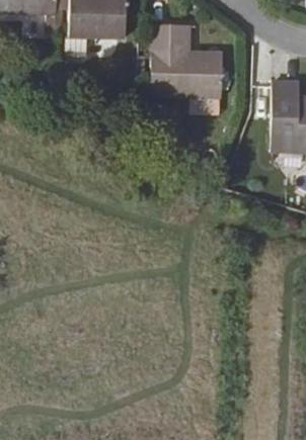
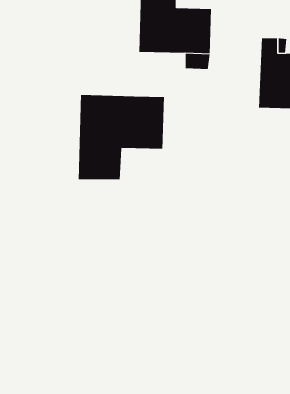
building: none -> [78,94,164,180]

